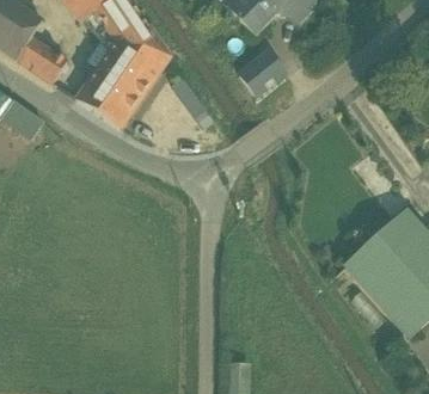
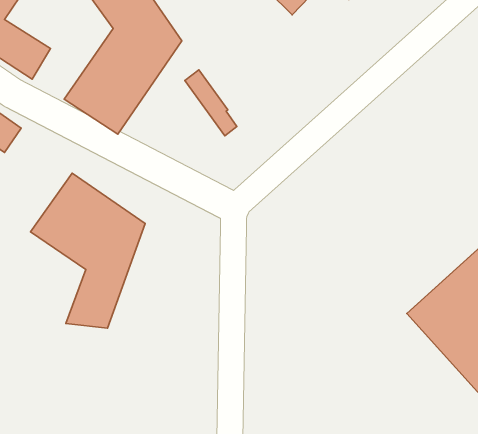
building: [238,50,283,94] -> none
building: none -> [30,173,145,328]

